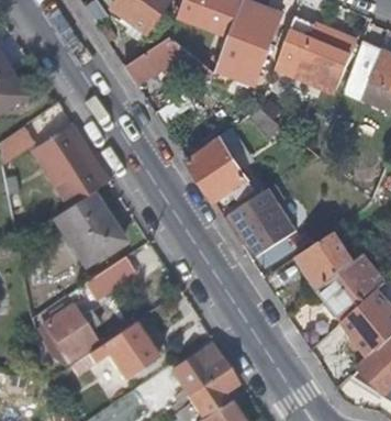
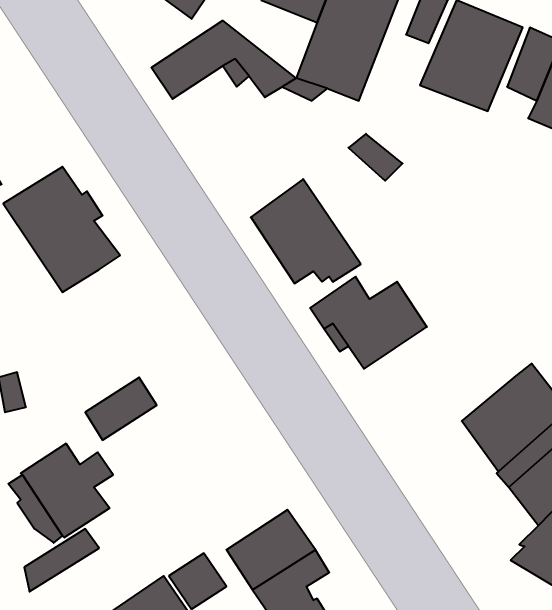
building: [54,193,125,266] -> none
building: [300,231,356,289] -> none
building: [102,323,160,381] -> none

